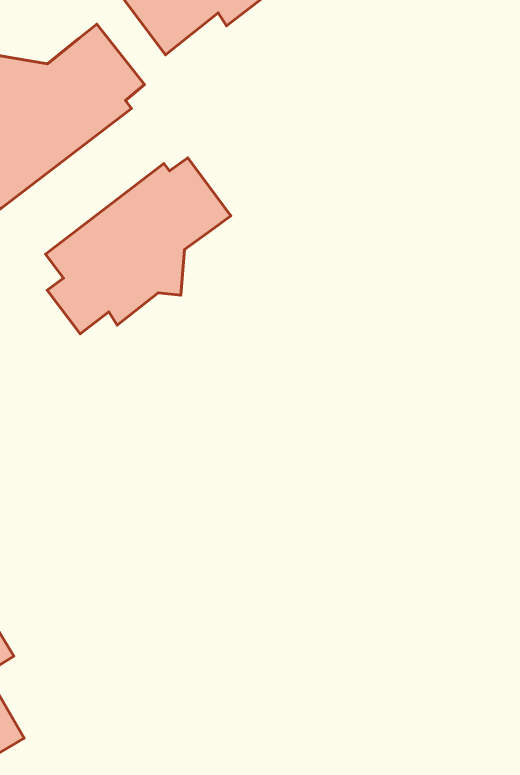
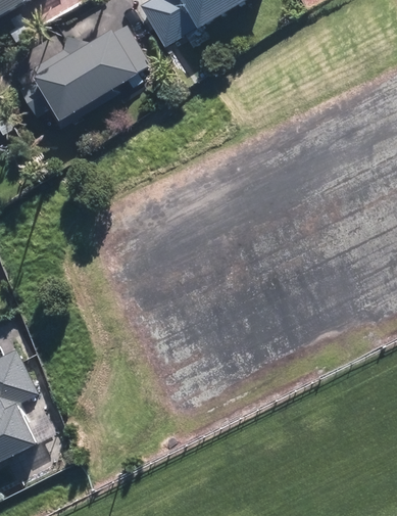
building: [45,158,231,334] -> none

